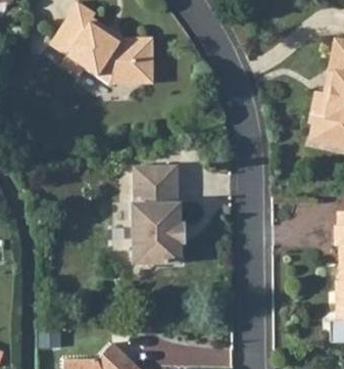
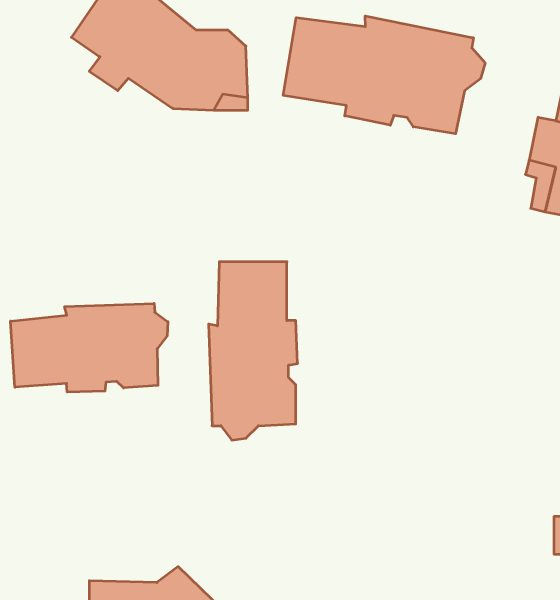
building: none -> [283,16,485,134]
building: none -> [11,303,168,392]

